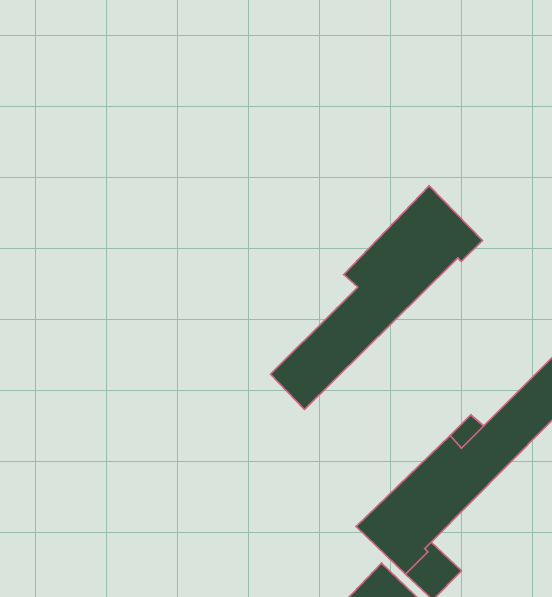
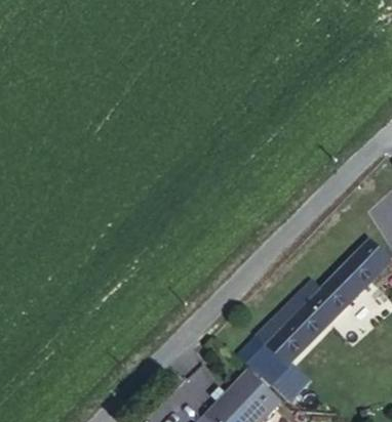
building: [271,186,482,409] -> none

